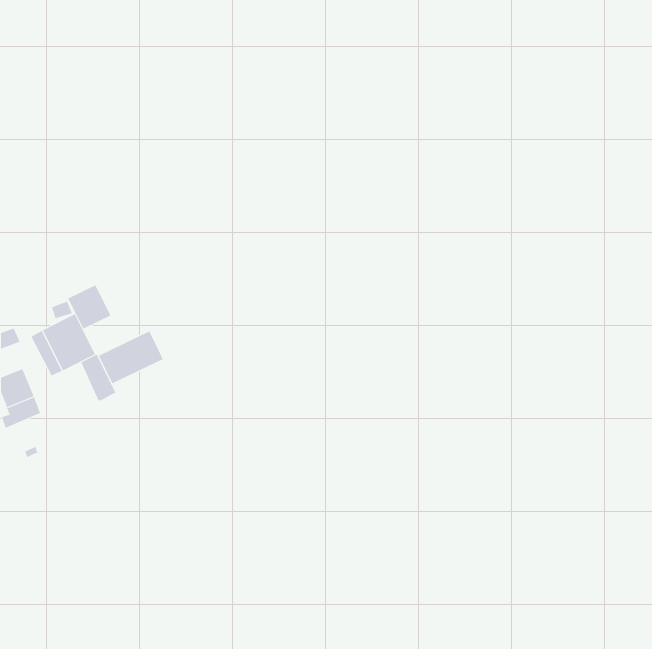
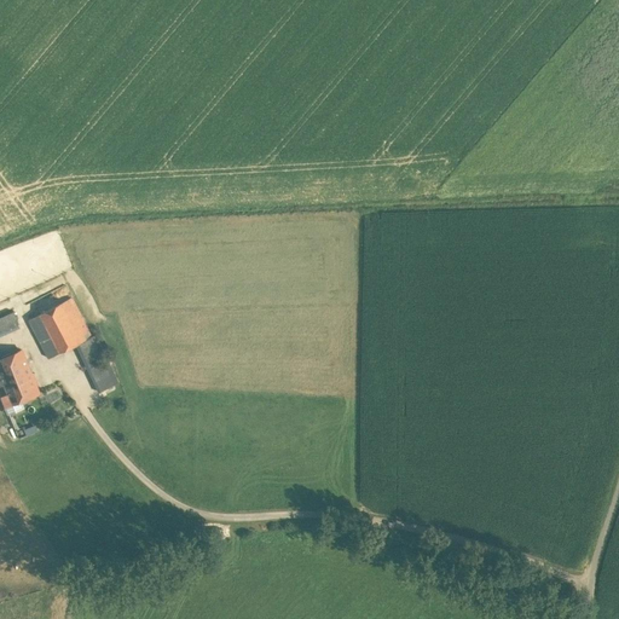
building: [68,284,111,330] -> none
building: [98,331,164,384] -> none

